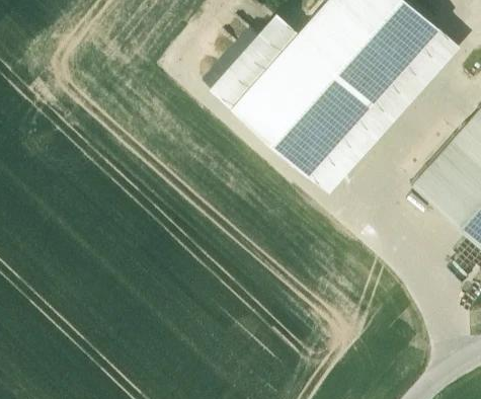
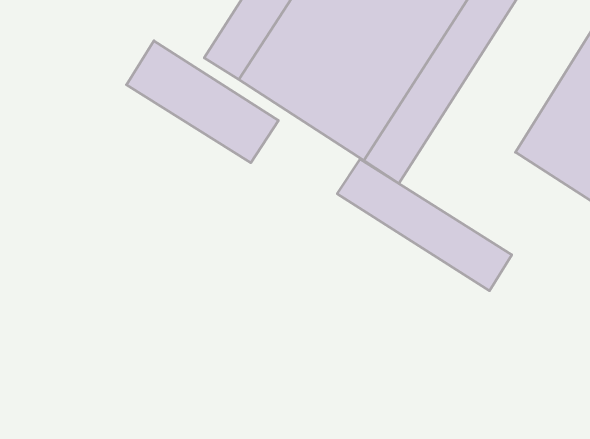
building: none -> [126,41,278,163]
building: none -> [337,159,512,291]

